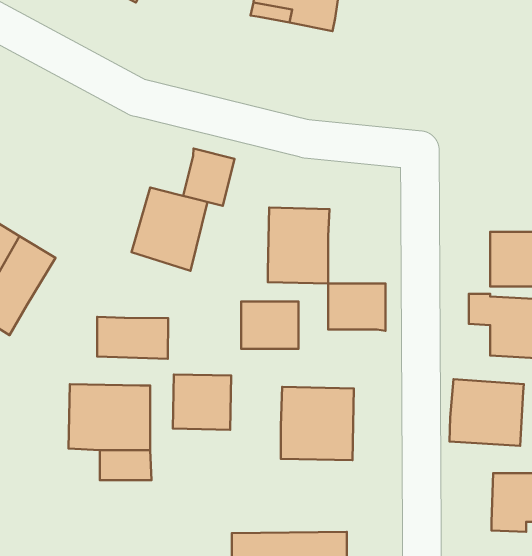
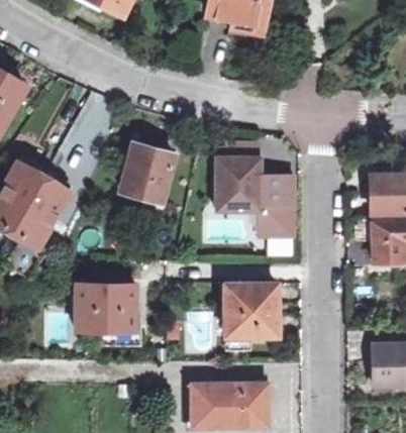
building: [183,148,235,206] -> none
building: [241,301,298,349] -> [259,176,299,209]
building: [97,317,168,359] -> none
building: [173,374,231,430] -> none
building: [450,379,524,446] -> none

